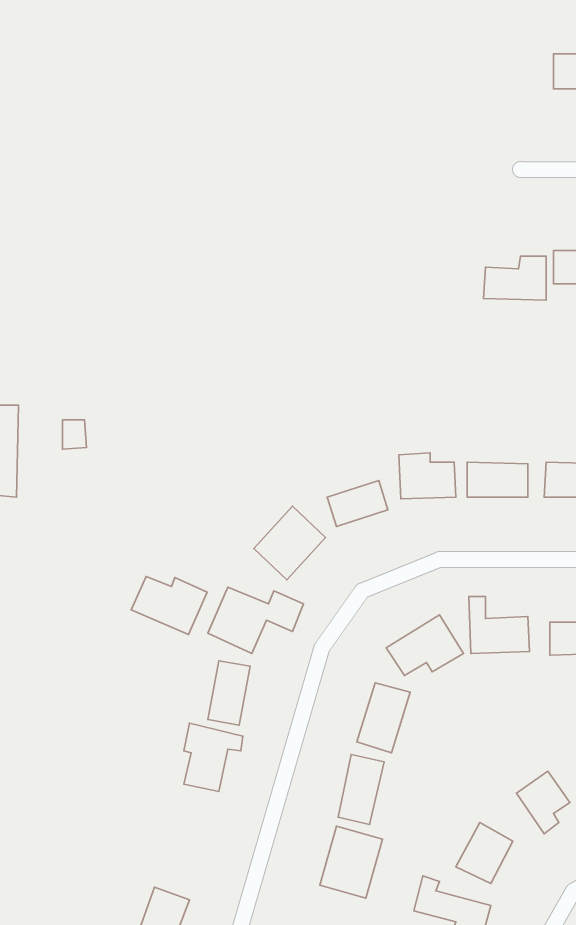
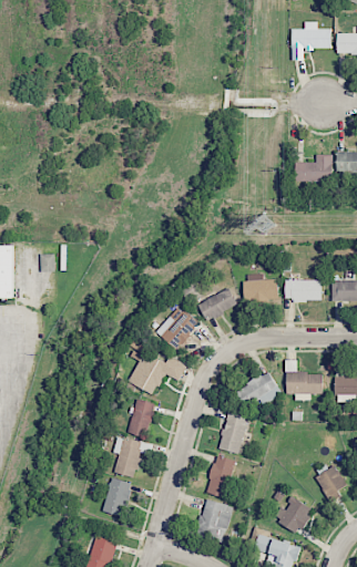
building: none -> [292,21,332,60]
building: [131,576,207,635] -> none
building: none -> [103,477,131,516]

